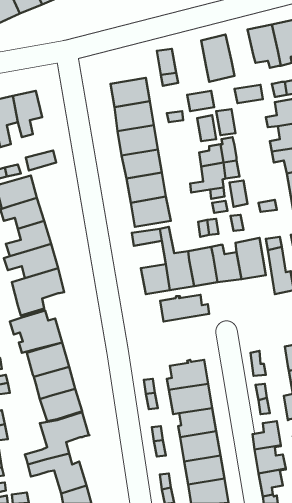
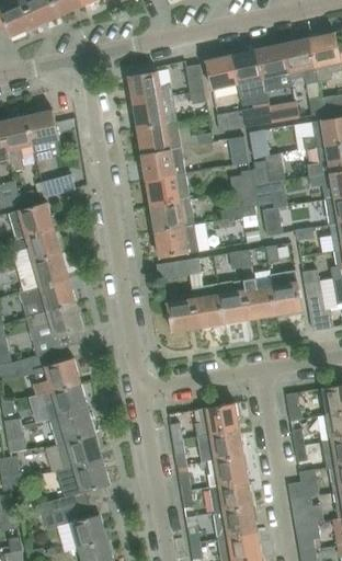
building: none -> [258,43,288,93]
building: none -> [205,55,237,89]
building: none -> [127,71,171,102]
building: [160,295,209,321] -> none

